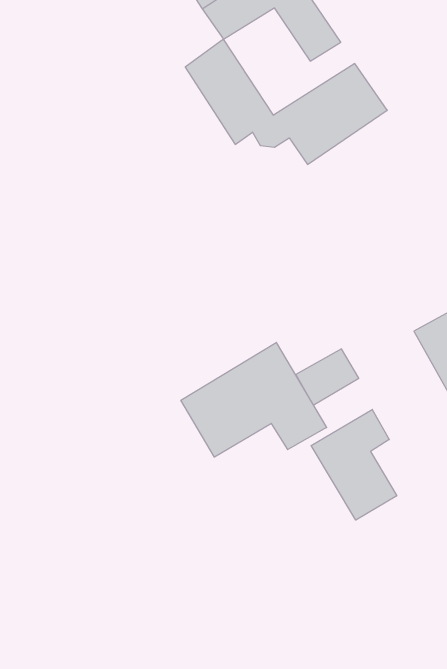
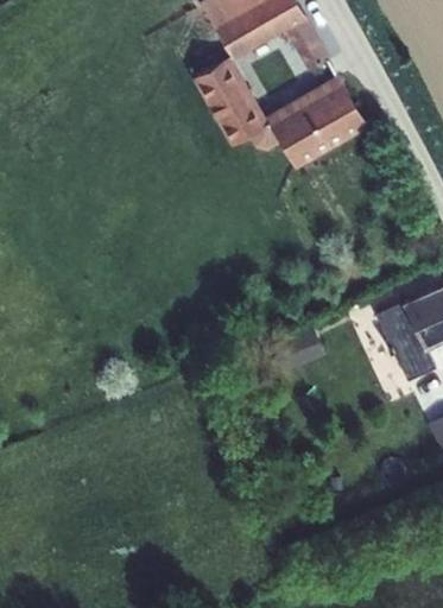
building: [181,342,327,457] -> none
building: [311,409,397,520] -> none

